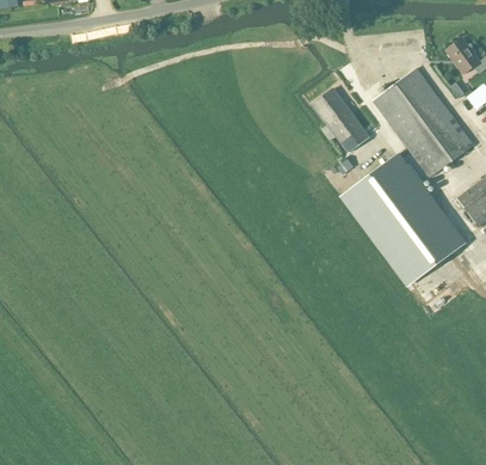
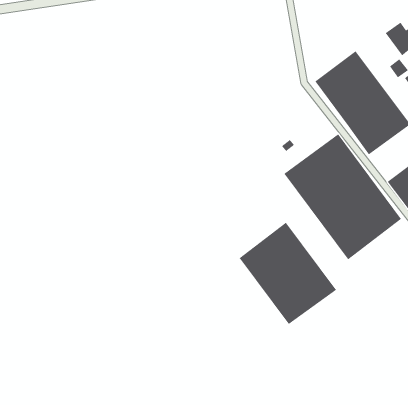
building: [313,88,370,153] -> none
building: none -> [239,222,337,325]

